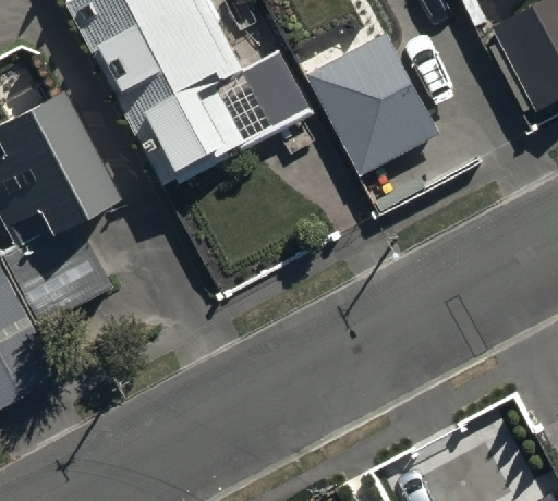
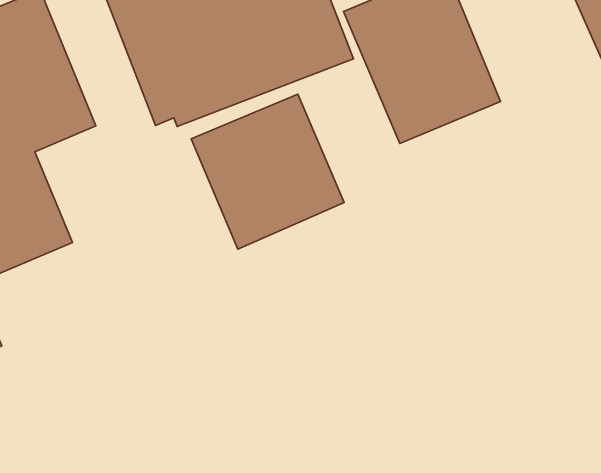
building: none -> [191,94,344,249]

